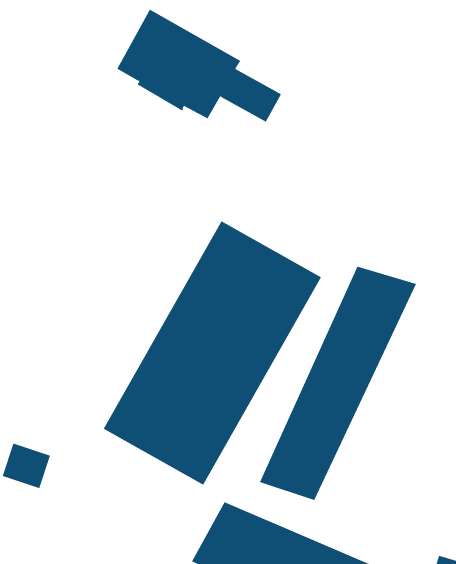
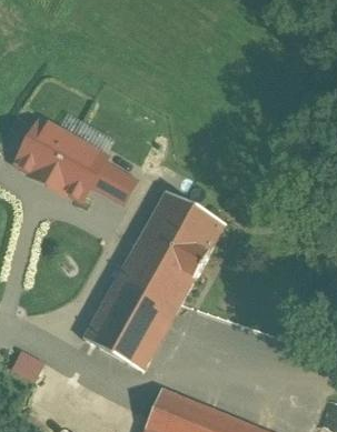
building: [116,9,282,122] -> [17,115,133,195]
building: [259,266,417,501] -> none

